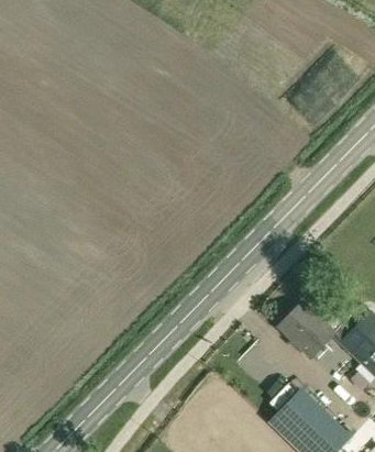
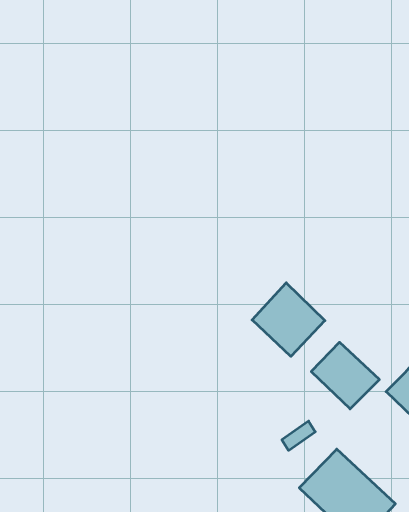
building: none -> [252,283,325,356]

